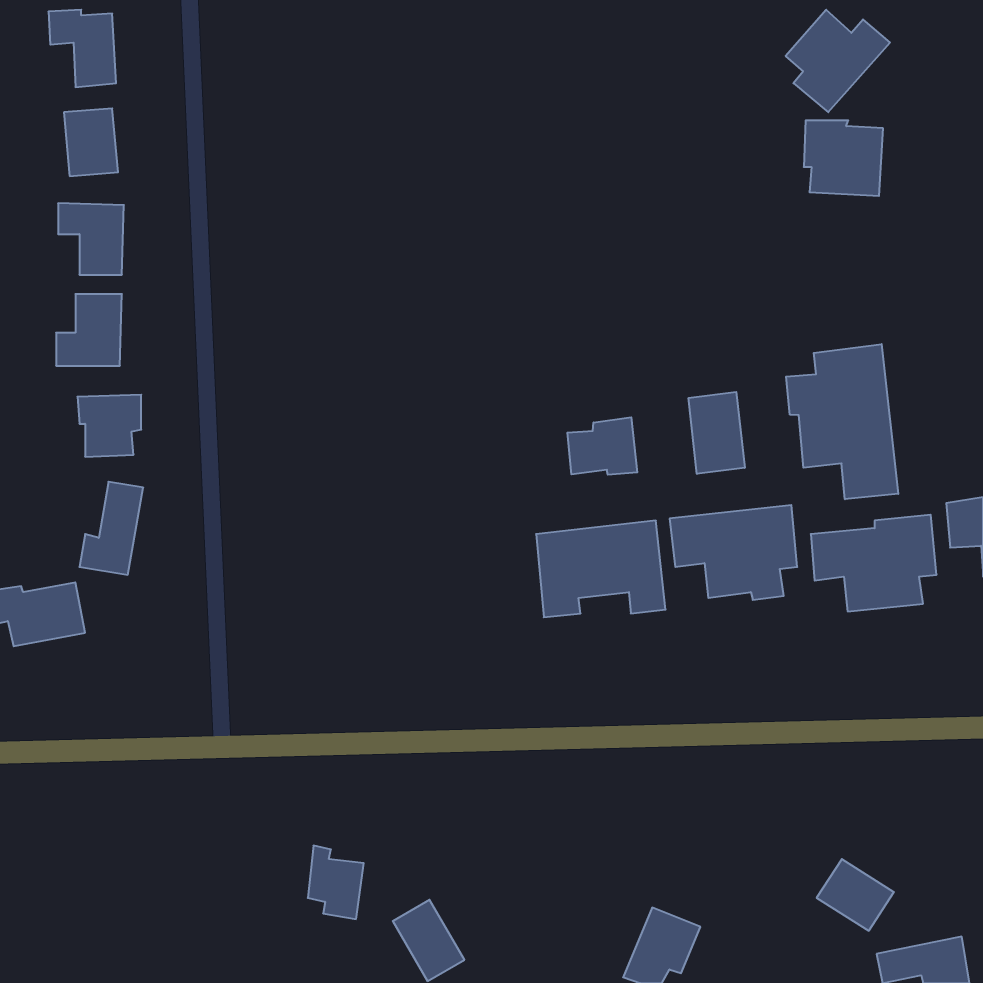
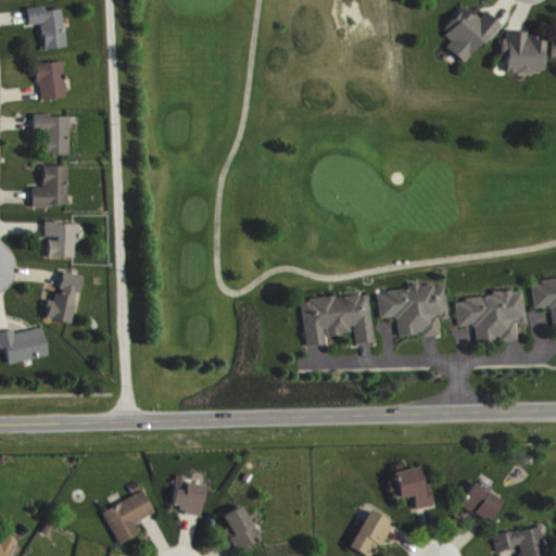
building: [804,120,883,196] -> [502,31,546,74]
building: [786,344,898,499] -> none
building: [689,392,745,474] -> none
building: [567,417,637,475] -> none
building: none -> [393,466,433,509]
building: none -> [102,490,154,544]

